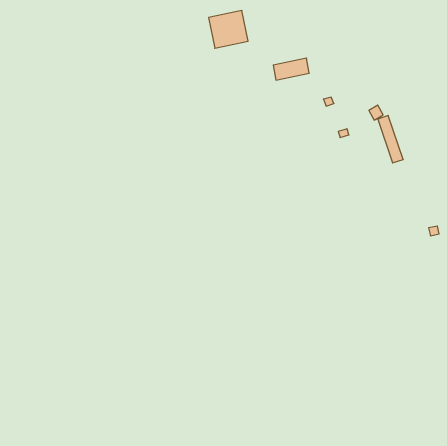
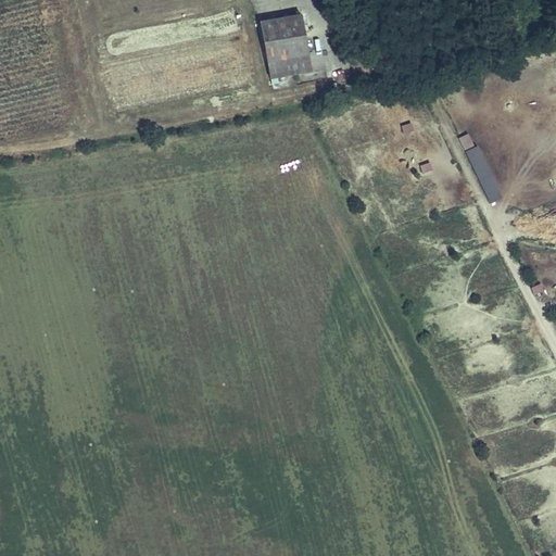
building: [273,58,309,80] -> [267,51,312,78]

